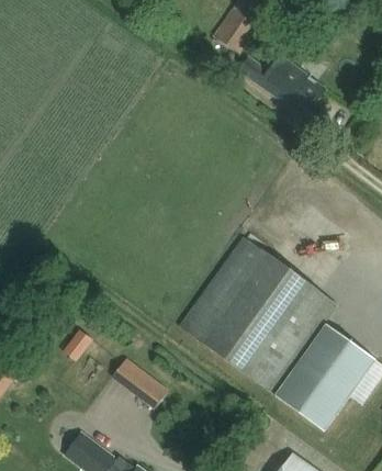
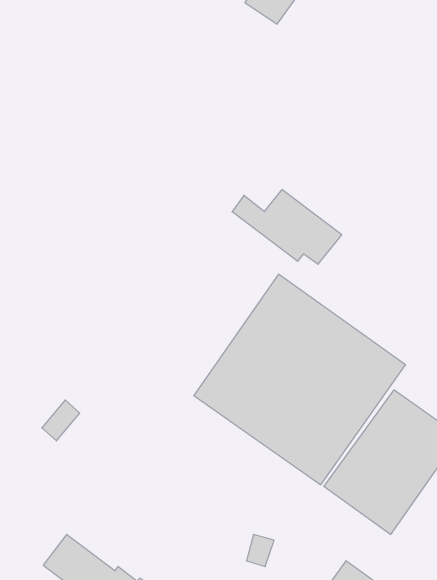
building: [244,54,326,110] -> [232,190,342,264]
building: [112,358,169,408] -> none

